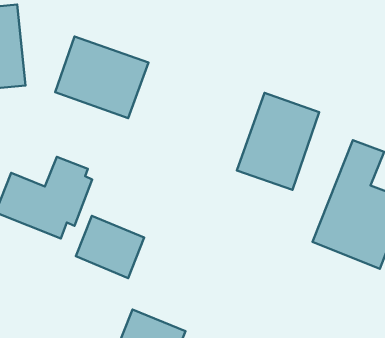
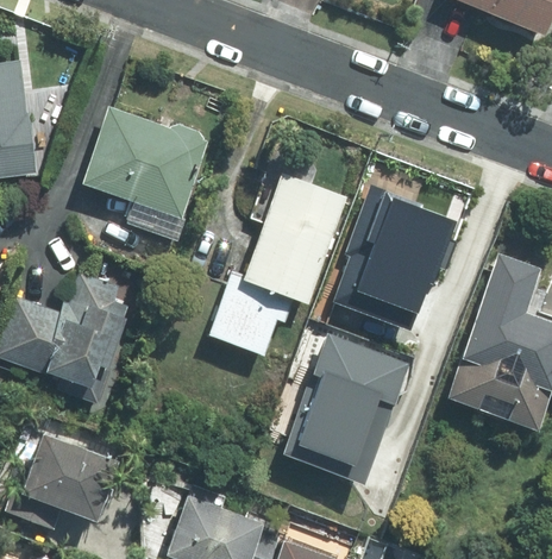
building: none -> [207,172,353,357]
building: none -> [289,331,413,477]
building: [76,216,144,278] -> [15,438,112,526]

